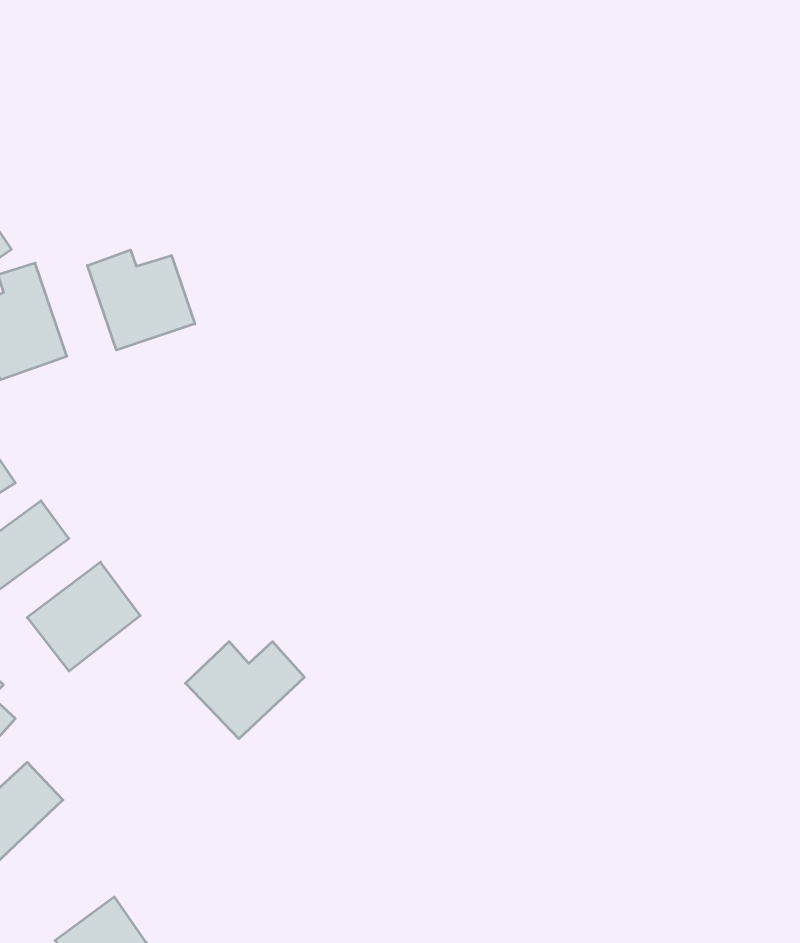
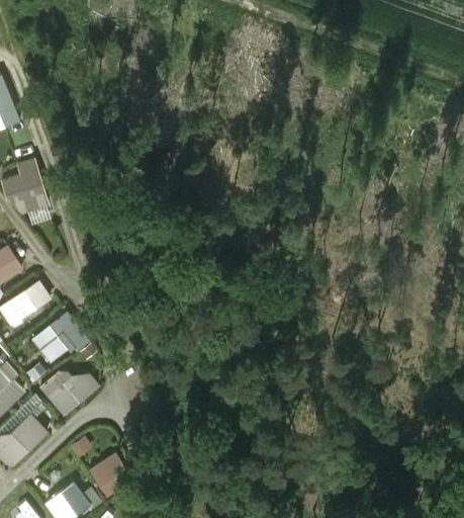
building: [87,250,195,350] -> none
building: [185,642,304,739] -> [37,367,98,417]
building: none -> [88,452,132,498]

